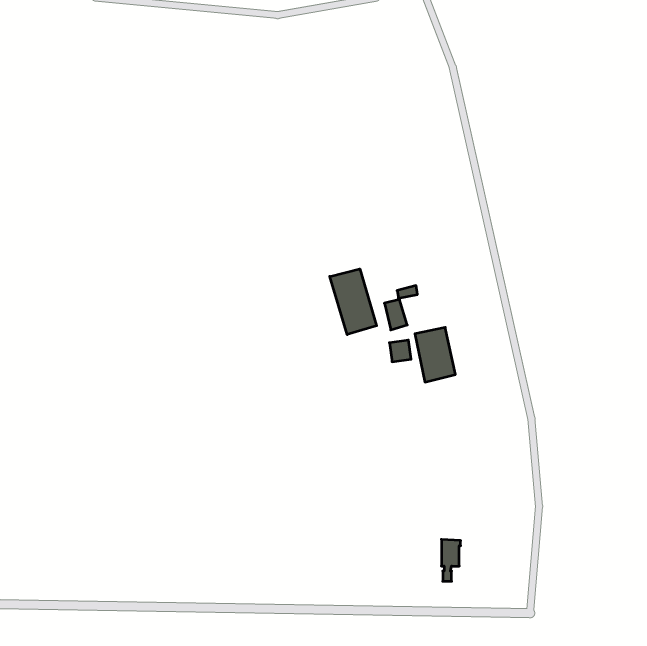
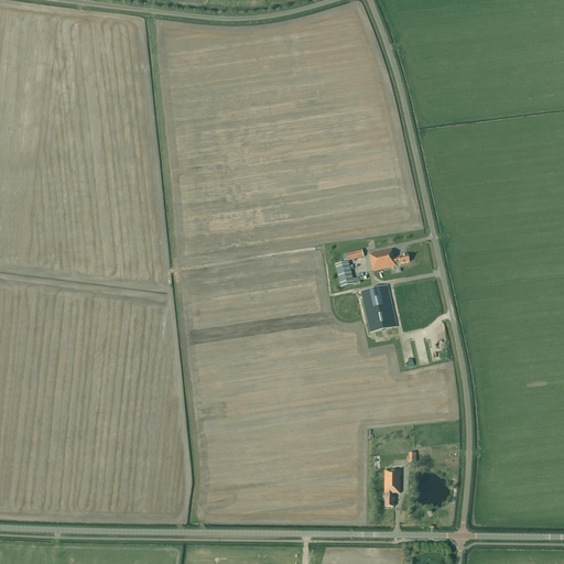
building: [330,269,377,335] -> none
building: none -> [368,248,409,269]

